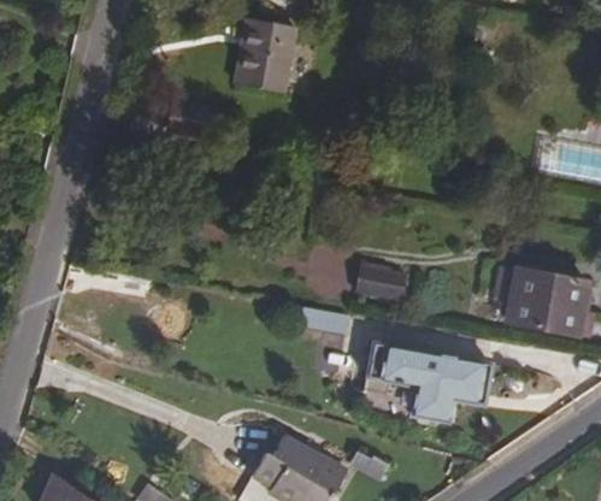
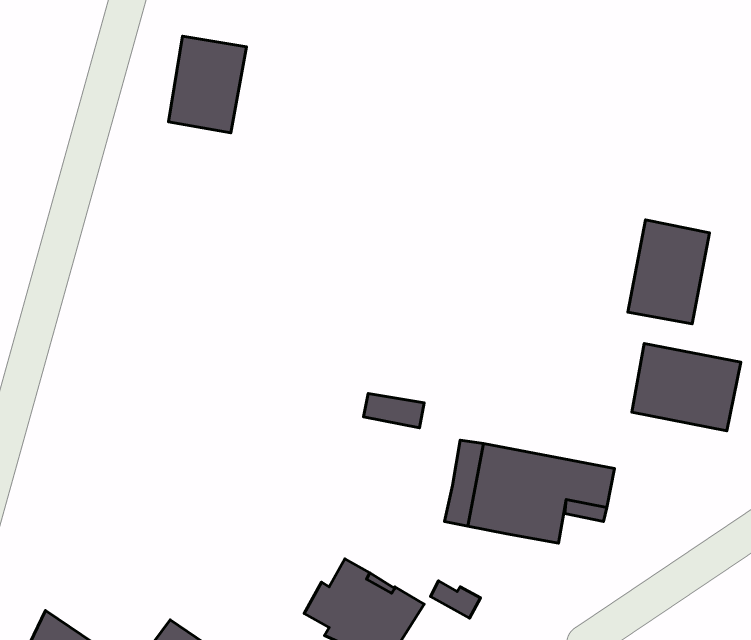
building: [236,18,296,93] -> [168,36,246,133]
building: none -> [628,220,709,324]
building: [357,263,405,300] -> none

